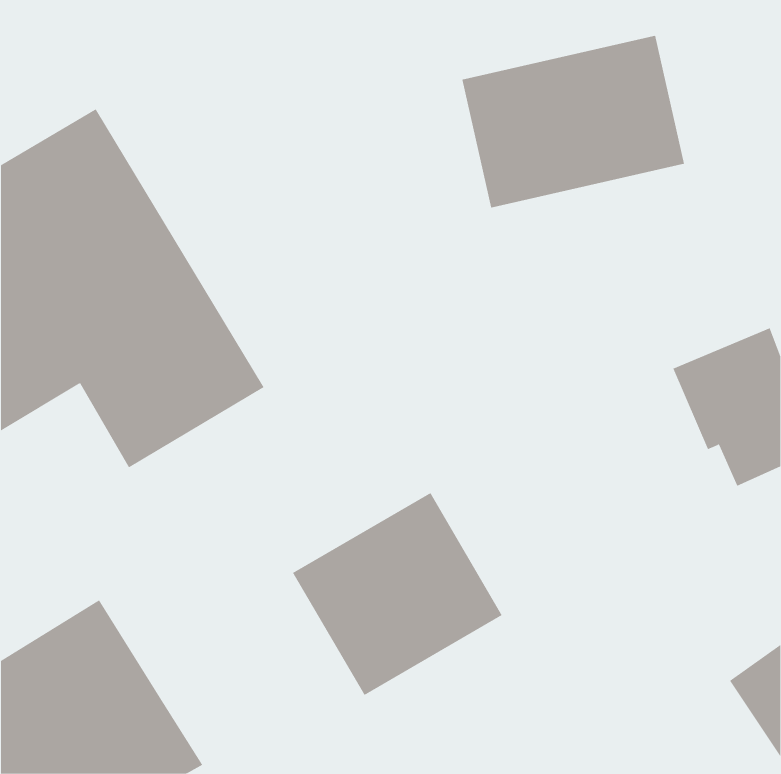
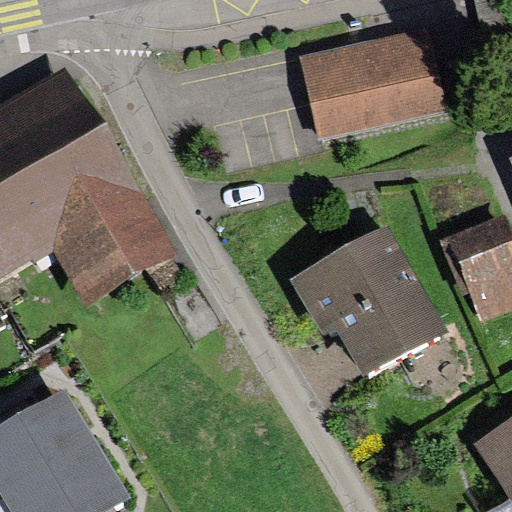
building: none -> [290,228,446,380]
building: [292,492,503,696] -> none

